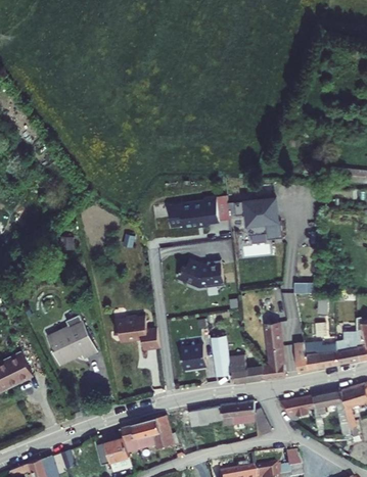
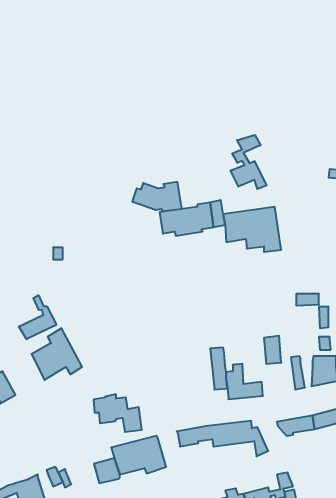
building: none -> [231,135,266,189]
building: [178,257,225,285] -> [132,182,182,211]
building: none -> [19,295,56,339]
building: [113,315,159,350] -> [94,394,142,432]
building: [183,343,210,369] -> none
building: [264,347,285,379] -> none

